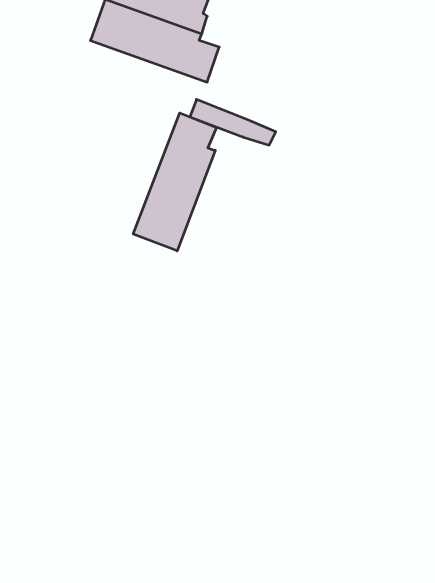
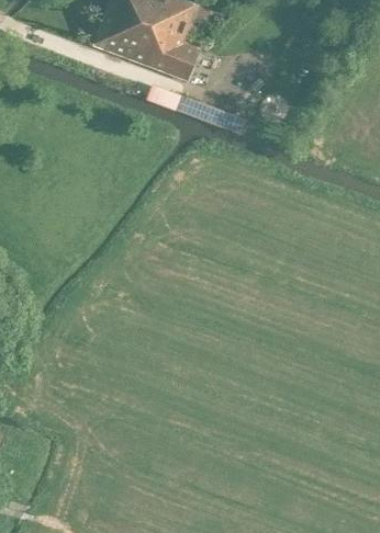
building: [133,113,216,251] -> none

